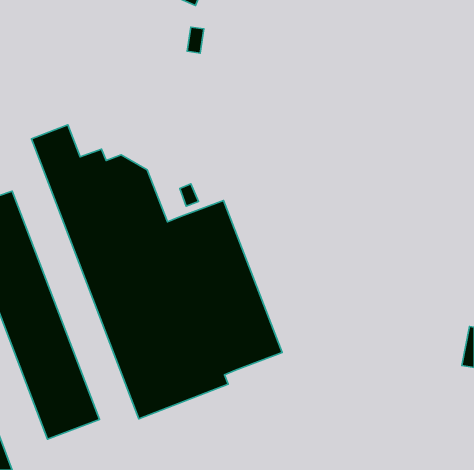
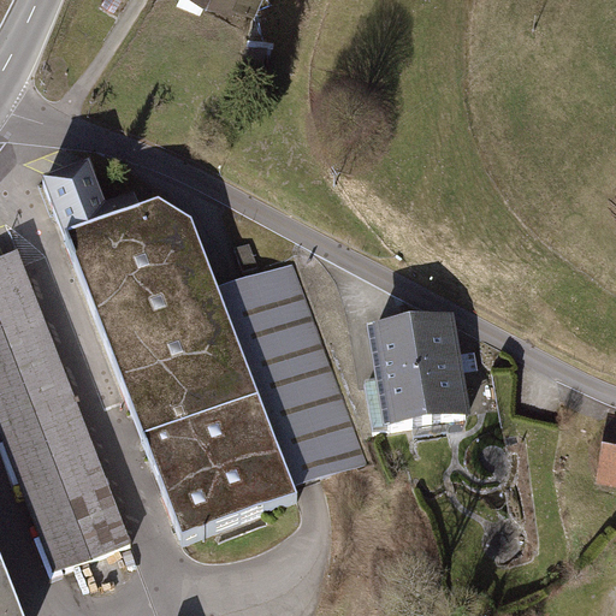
building: none -> [362,315,464,428]

